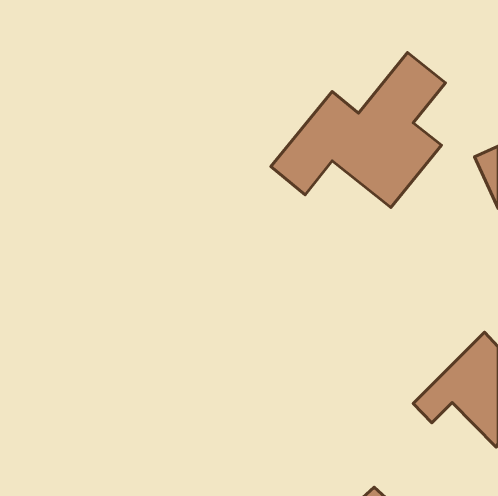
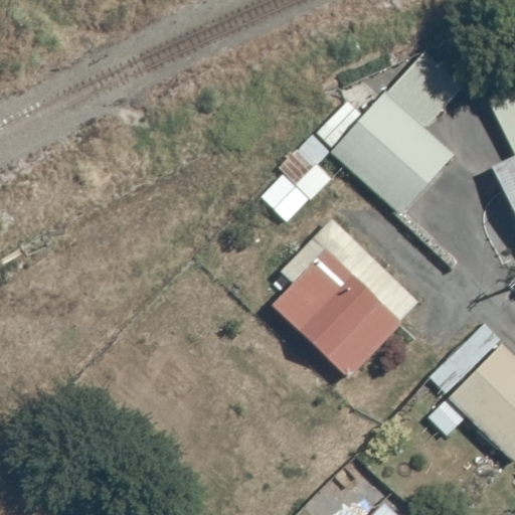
building: none -> [262,219,419,376]

